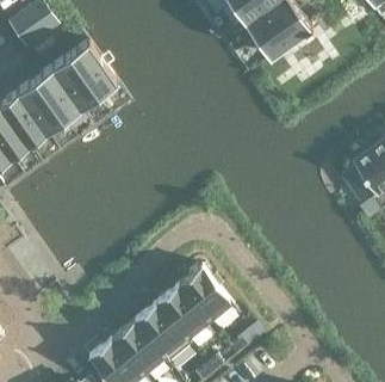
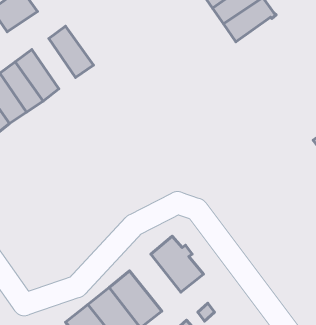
building: [51,54,98,107] -> none
building: [155,284,210,345] -> none

